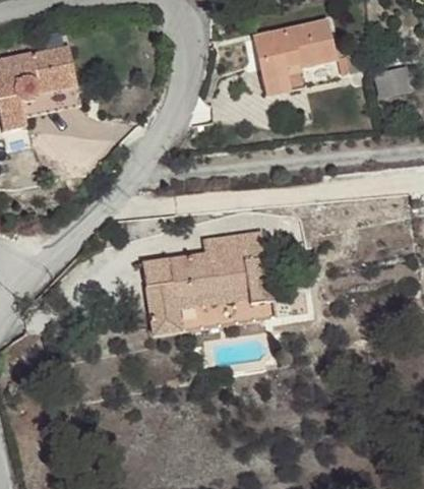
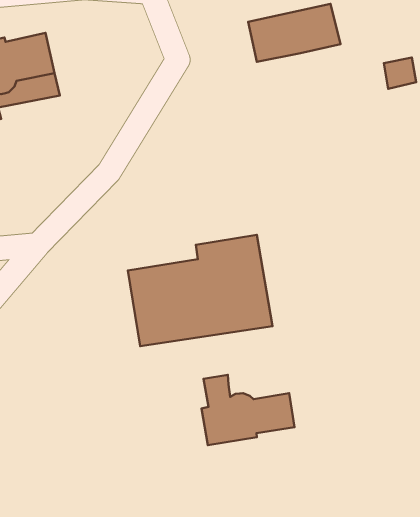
building: [260,65,305,93] -> none
building: none -> [201,375,294,445]

